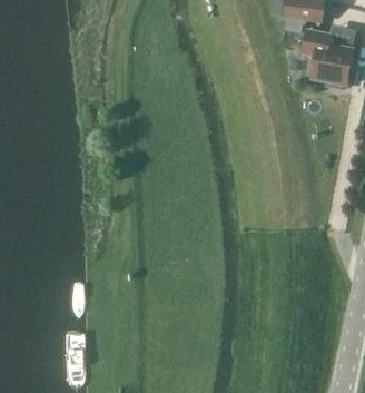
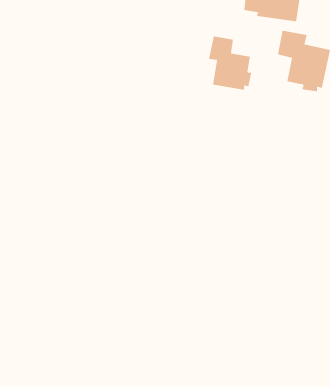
building: none -> [209,36,252,90]

